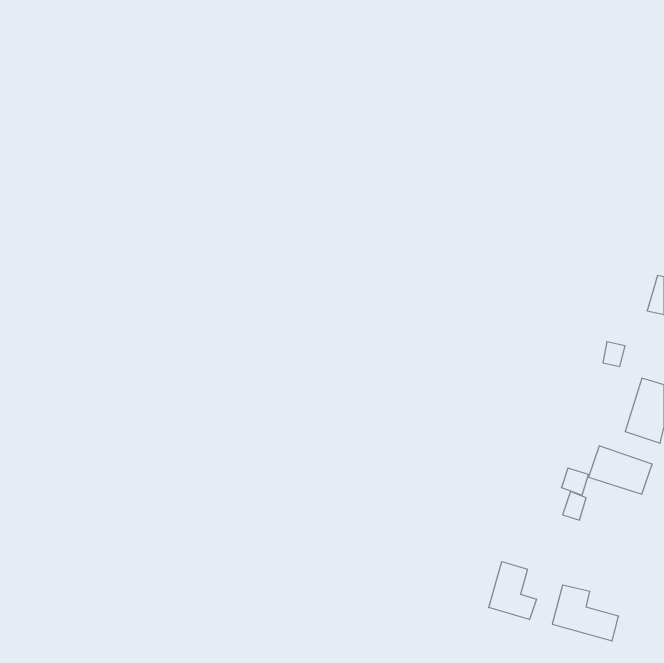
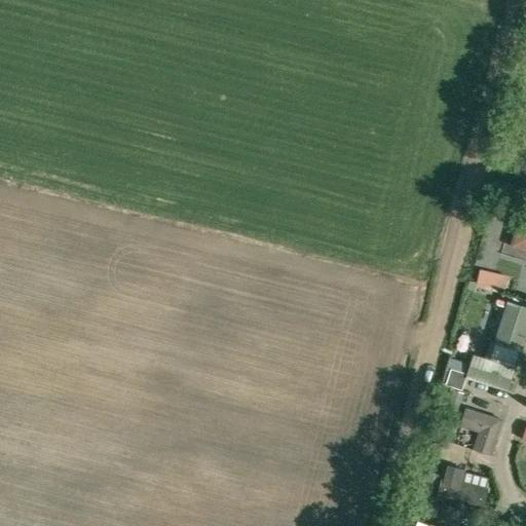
building: none -> [459,406,503,455]
building: [489,562,536,620] -> none

